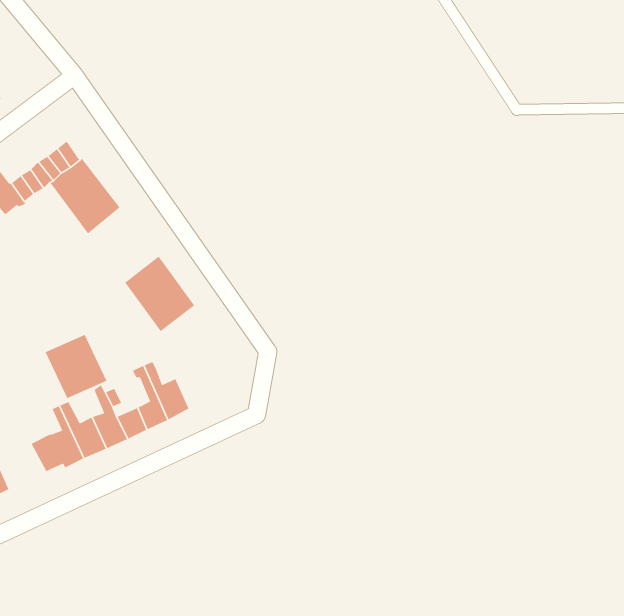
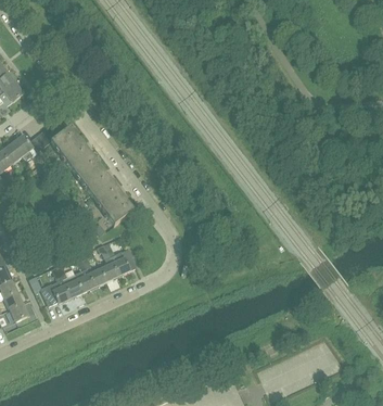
building: none -> [72,153,112,195]
building: [45,334,108,399] -> none

